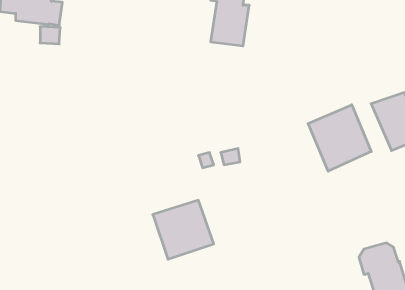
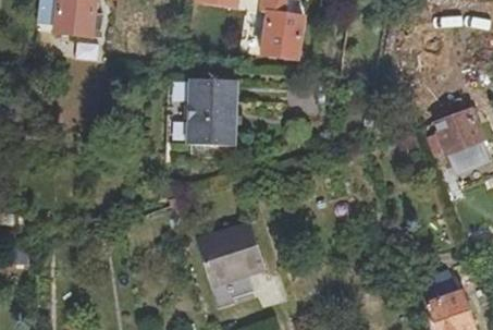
building: none -> [186,80,237,146]
building: [308,105,371,171] -> none

